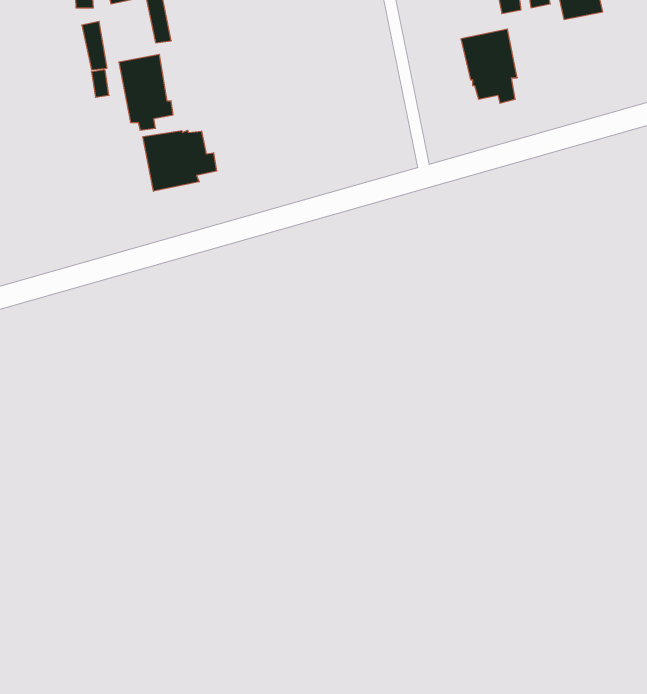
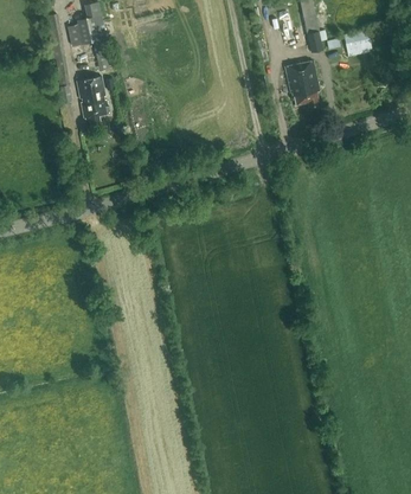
building: [143,130,217,191] -> none

